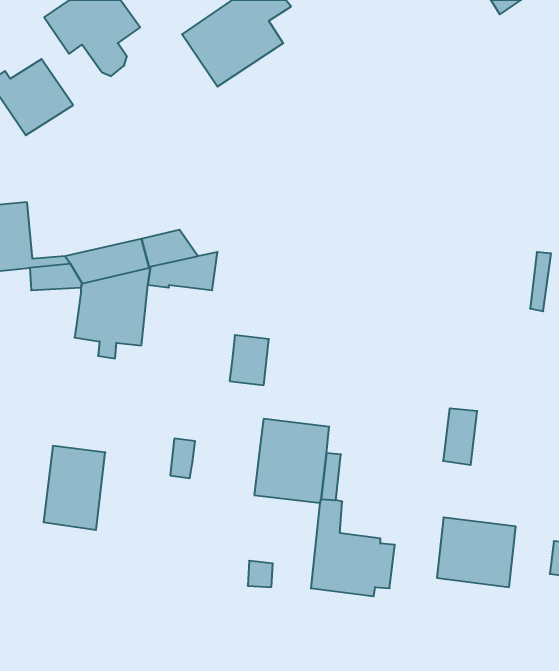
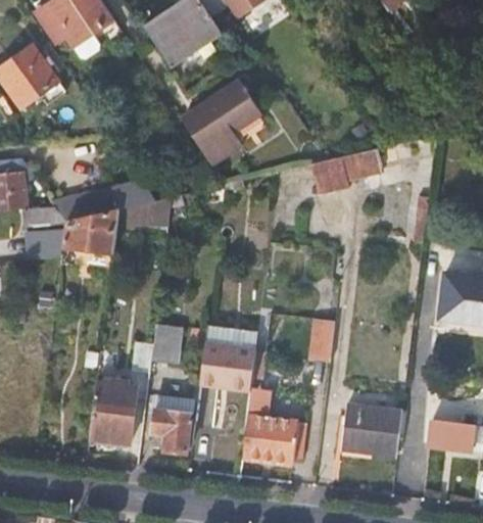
building: none -> [180,80,260,165]
building: none -> [311,146,385,197]
building: none -> [27,228,63,258]
building: [230,335,269,385] -> [150,324,181,363]
building: [443,408,477,465] -> [307,319,334,363]
building: [43,446,105,530] -> [89,379,137,444]
building: none -> [153,396,197,451]

